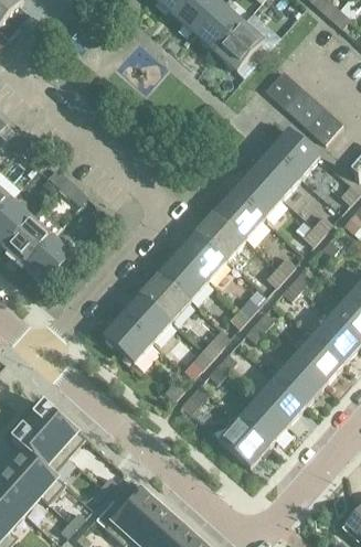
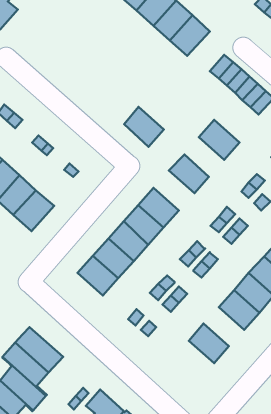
building: [269,128,319,176] -> none
building: [233,170,282,218] -> [124,107,164,147]
building: [195,211,245,259] -> none
building: [256,377,306,425] -> none
building: [219,418,269,466] -> none

